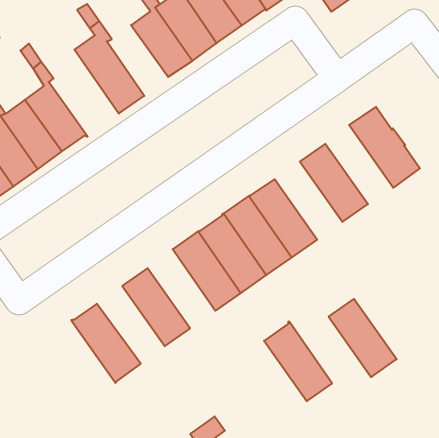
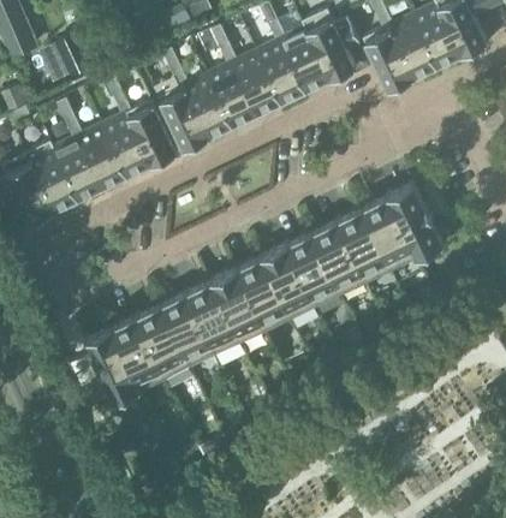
building: none -> [185,75,234,139]
building: none -> [127,101,179,167]
building: none -> [364,196,418,269]
building: none -> [137,305,191,377]
building: [329,299,397,377] -> [314,221,368,293]
building: none -> [87,328,142,403]
building: [264,322,332,401] -> [187,280,242,353]

